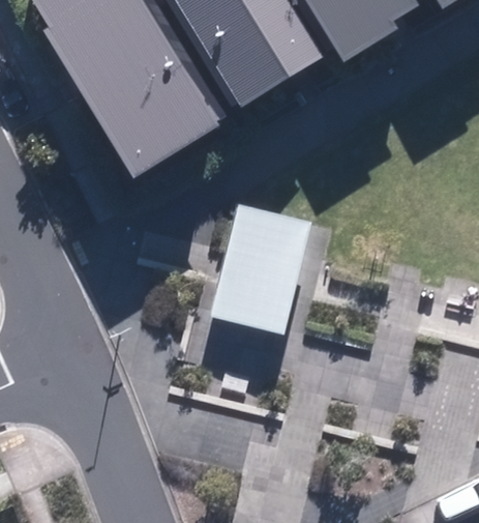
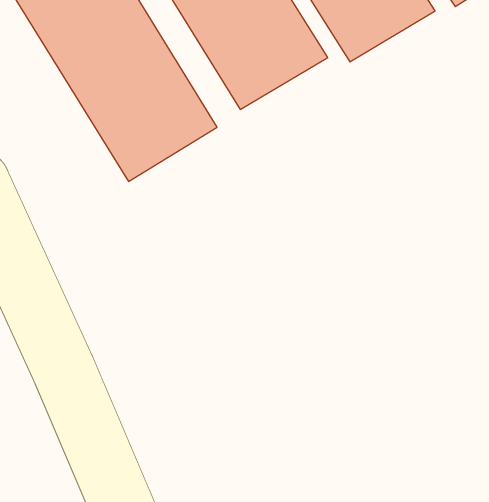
building: [216,205,315,330] -> none

